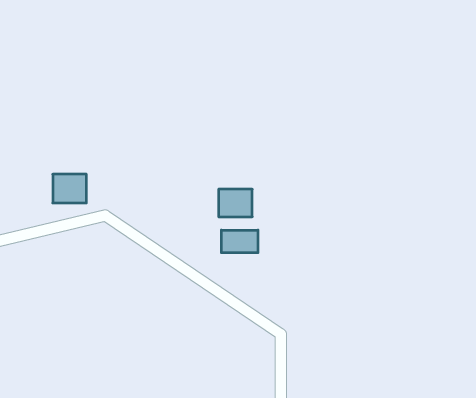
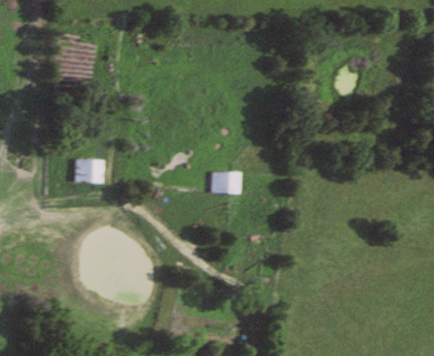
building: [221,230,258,253] -> none

